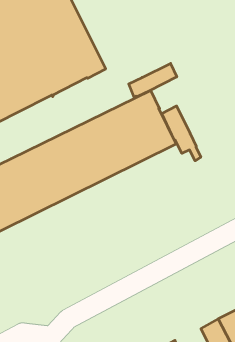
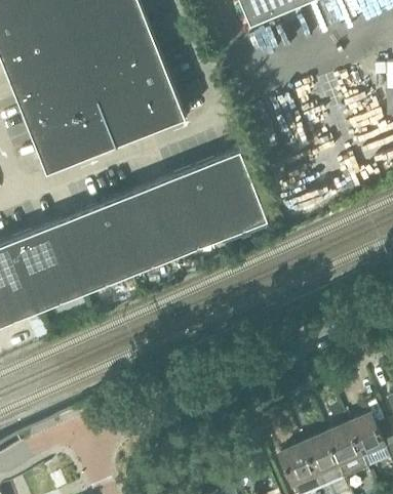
building: [129,63,177,97] -> none
building: [162,106,201,161] -> none

